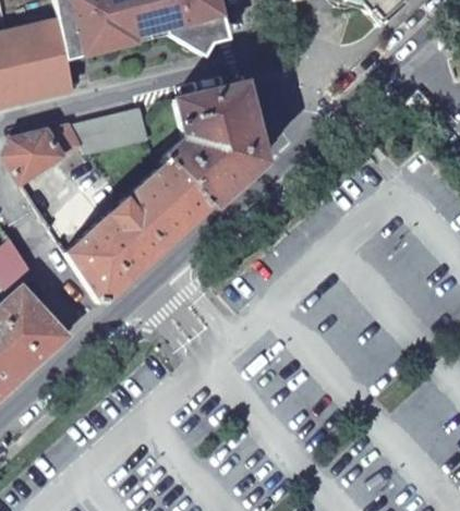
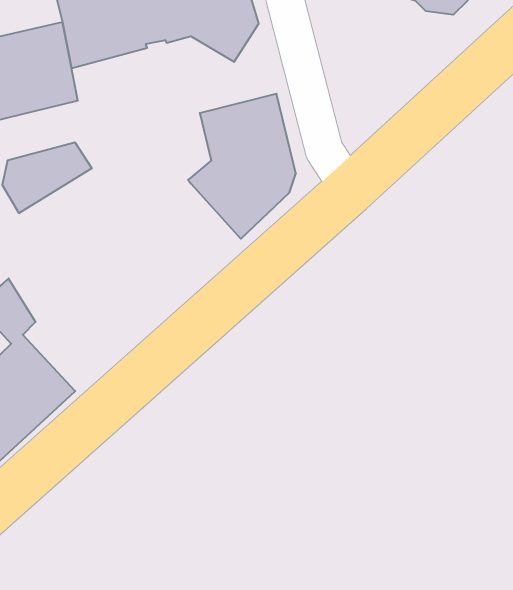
building: [70,107,150,154] -> none
building: [66,159,210,304] -> none

